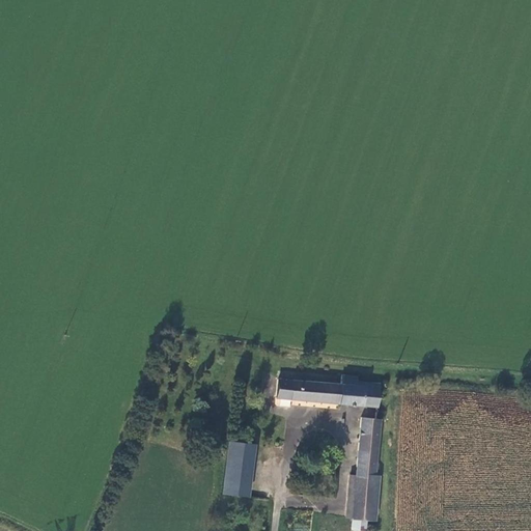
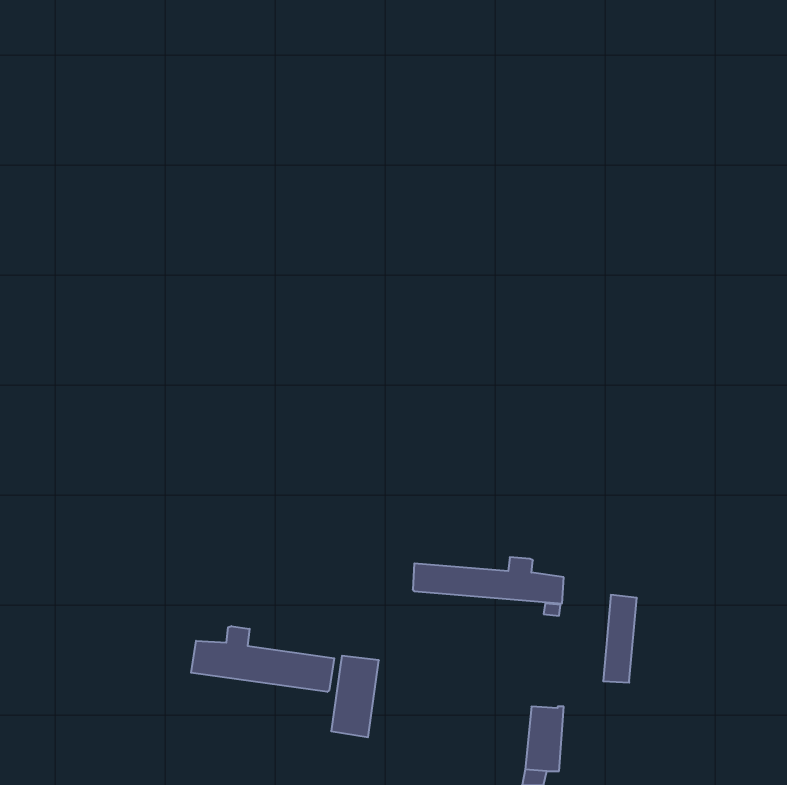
building: [358,418,381,477] -> [603,595,637,683]
building: none -> [191,626,334,692]

